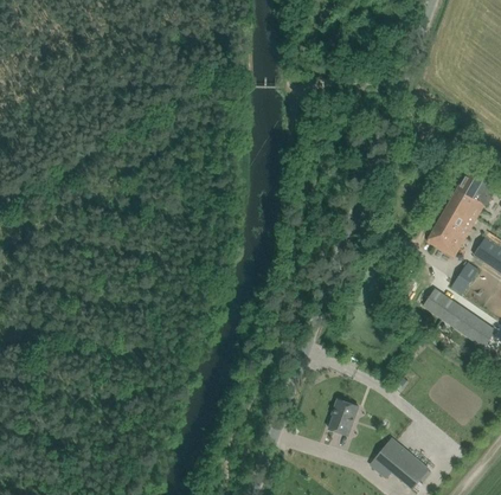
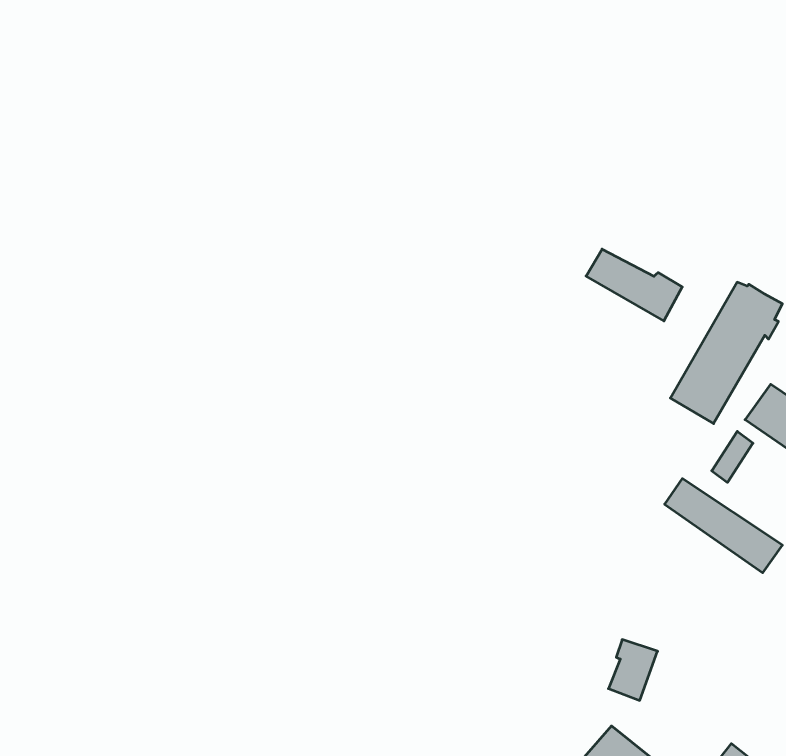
building: none -> [586,249,682,321]
building: [328,399,358,436] -> [608,640,658,700]

